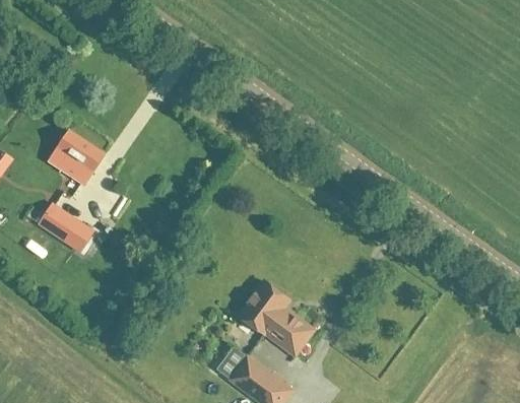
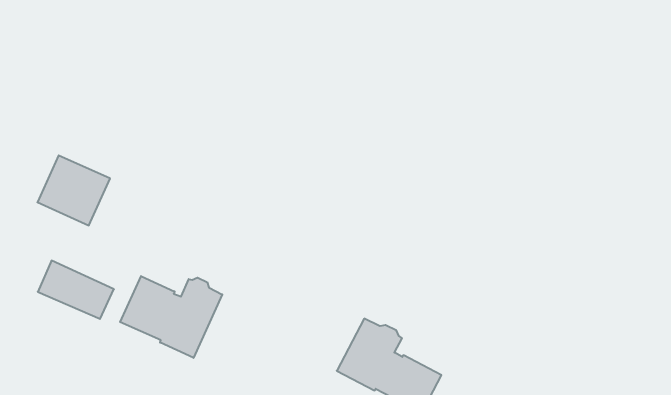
building: none -> [120,276,222,358]

